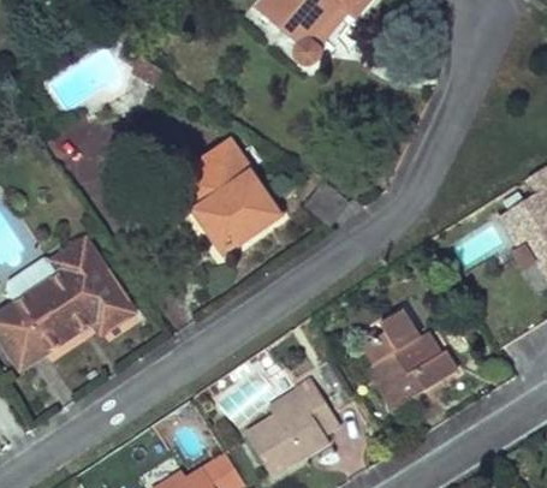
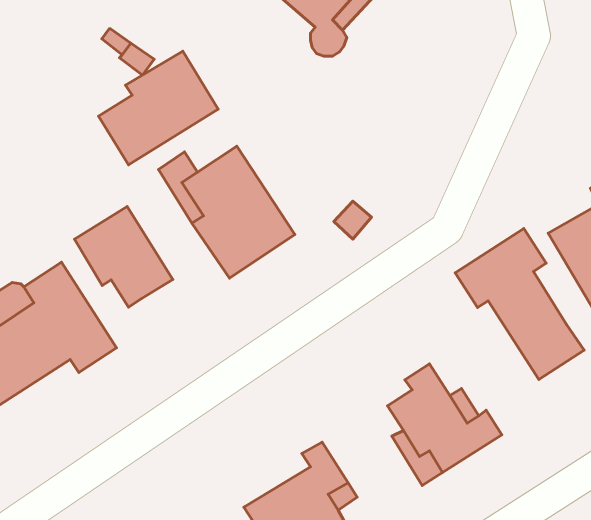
building: none -> [98,51,218,165]
building: none -> [74,207,173,307]
building: none -> [455,228,584,379]

